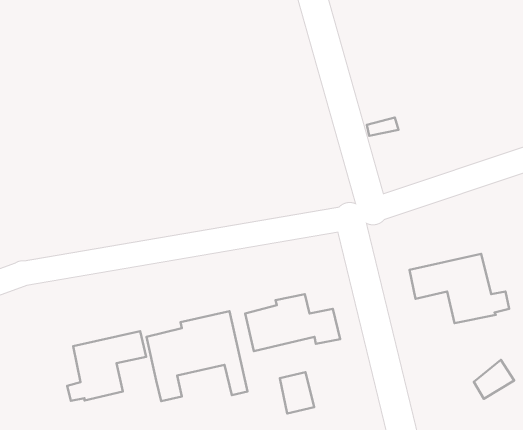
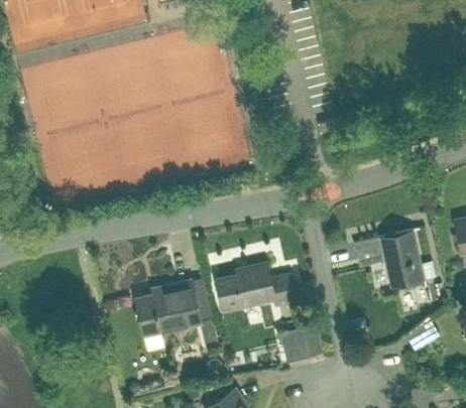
building: [67,331,146,401] -> none
building: [280,372,314,413] -> [279,328,308,363]

